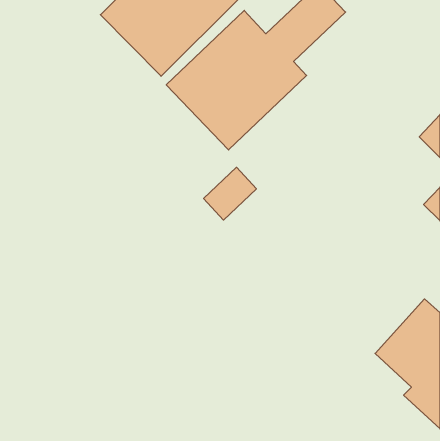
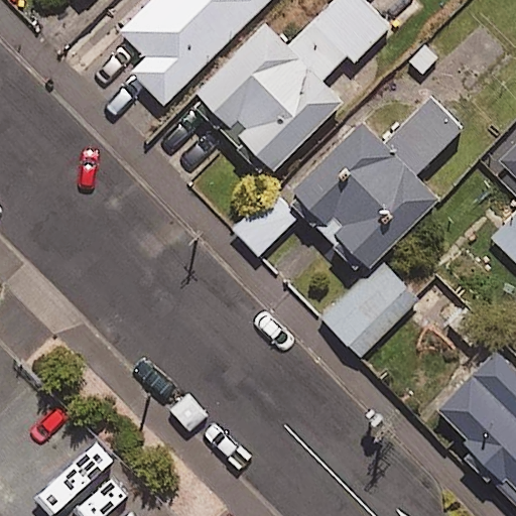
building: none -> [291,96,466,273]
building: none -> [321,267,418,357]

